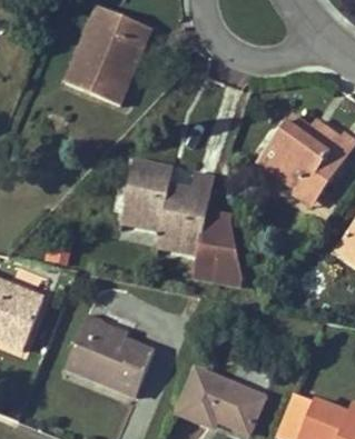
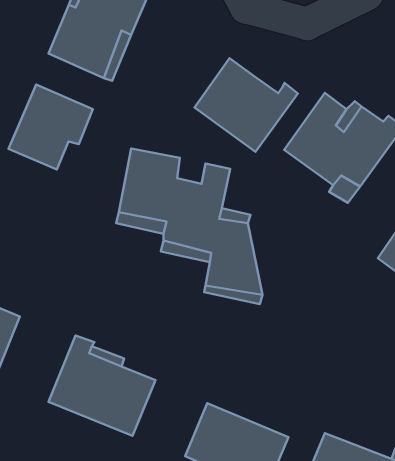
building: none -> [194,58,298,152]
building: none -> [8,85,93,169]

